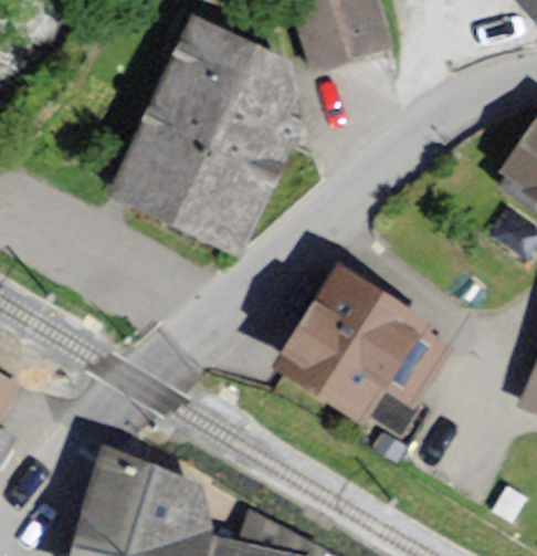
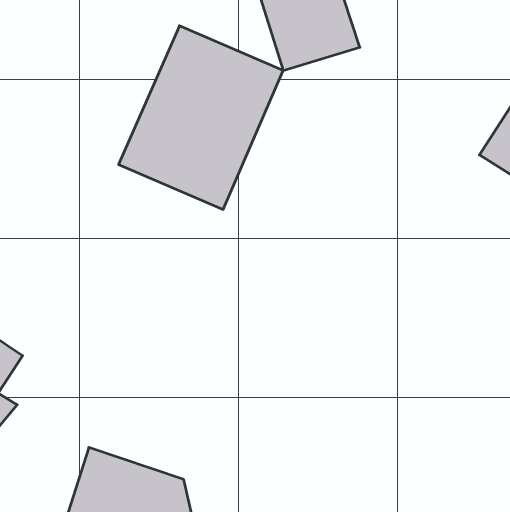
building: [270,255,444,400] -> none

